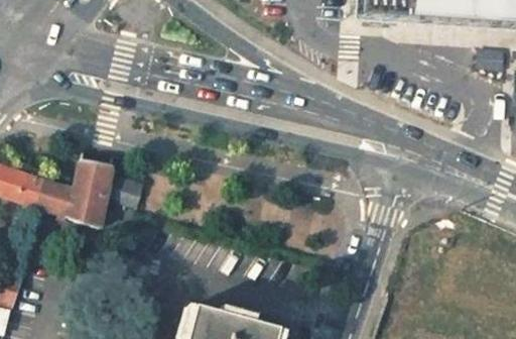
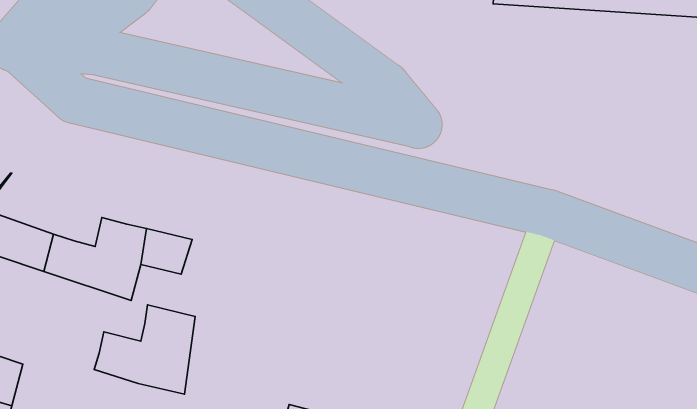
building: none -> [94,305,195,394]

